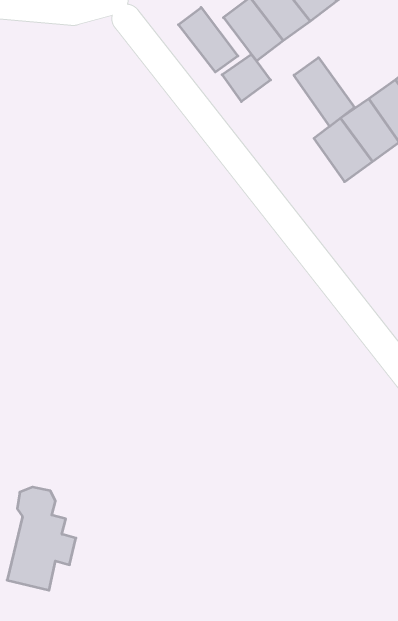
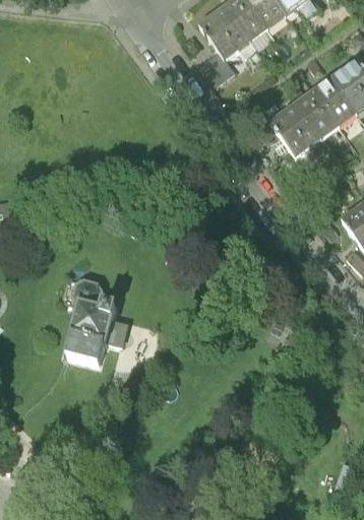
building: [178,7,238,72] -> none
building: [294,58,355,126] -> none
building: [7,487,76,590] -> [70,286,125,369]

